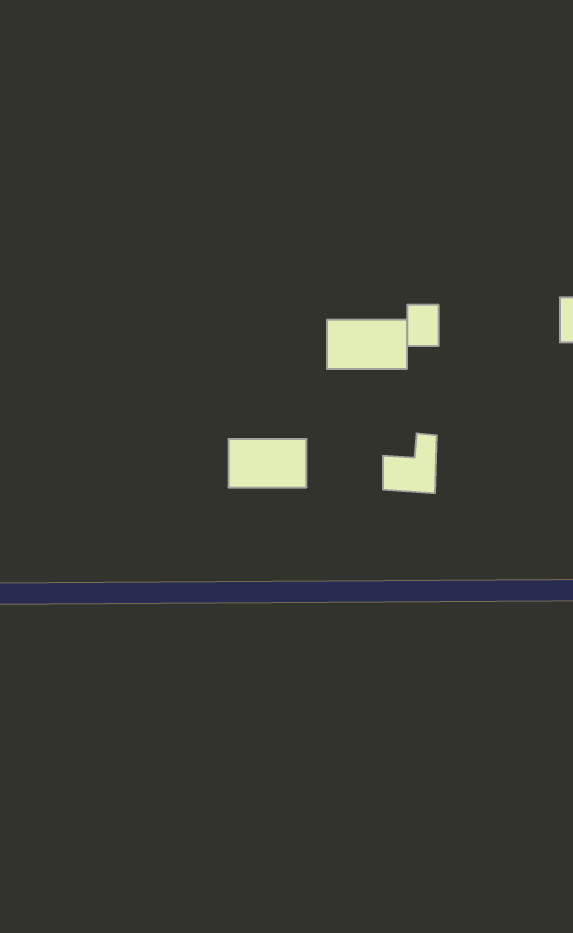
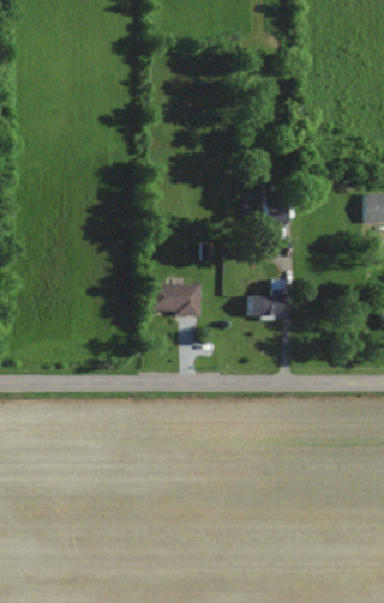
building: [327,320,407,369] -> none

